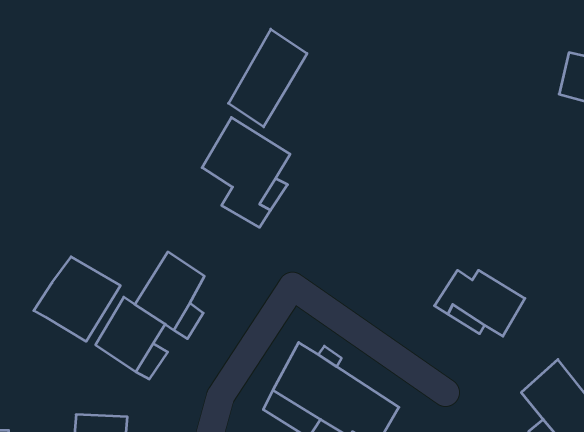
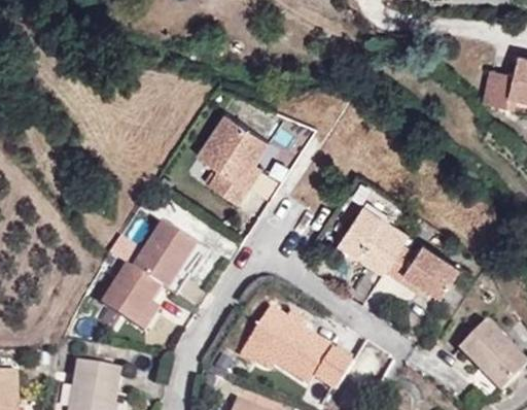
building: [228,29,307,127] -> none
building: none -> [327,202,407,274]
building: [34,257,120,341] -> none

